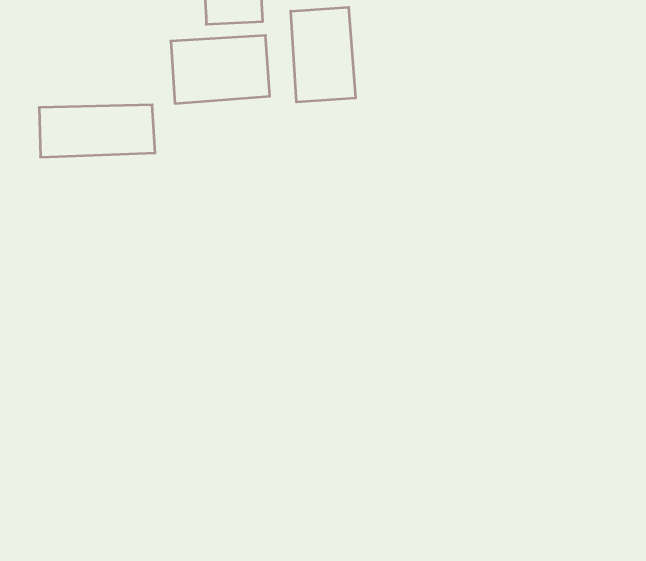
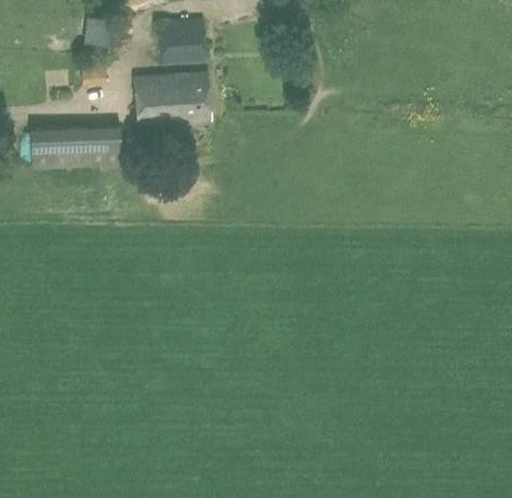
building: [291,7,356,102] -> none

